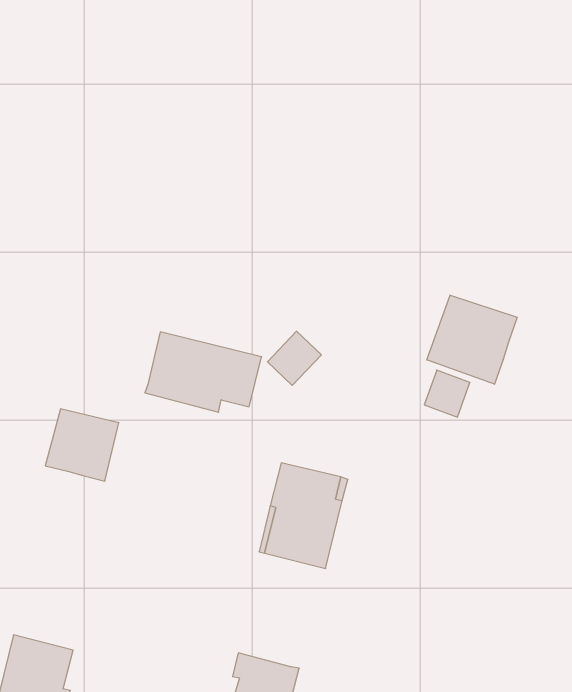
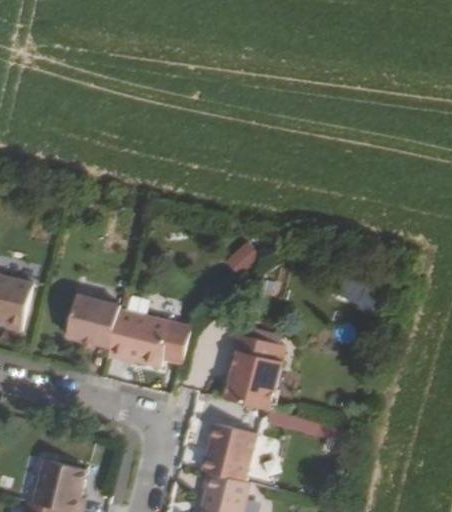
building: [427,295,517,384] -> none
building: [145,332,262,412] -> [107,310,191,368]
building: none -> [202,424,255,482]

